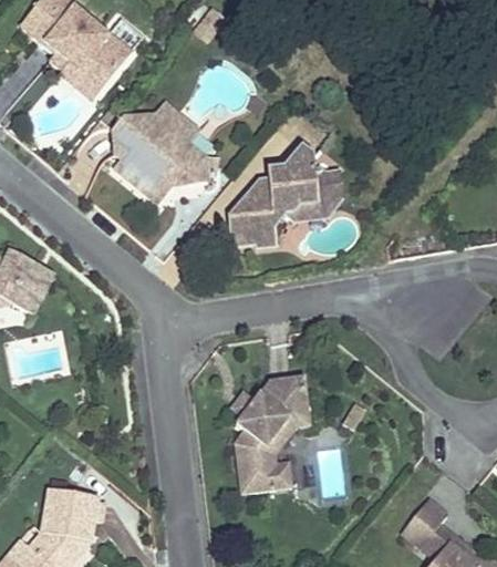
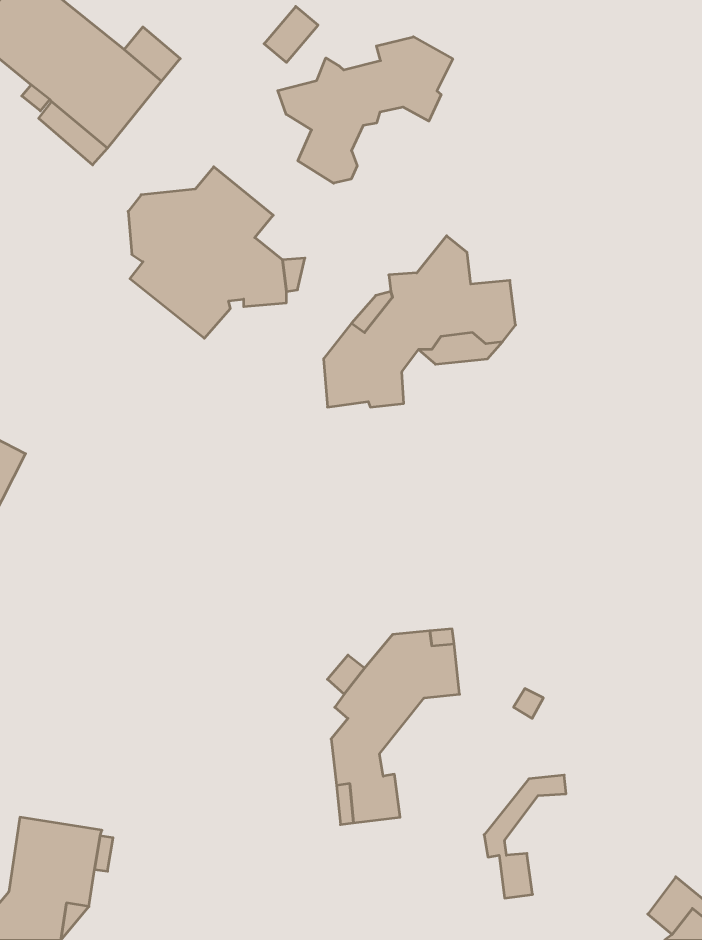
building: none -> [278,37,453,183]
building: [262,415,311,488] -> [484,775,566,898]
building: [403,498,447,546] -> none

